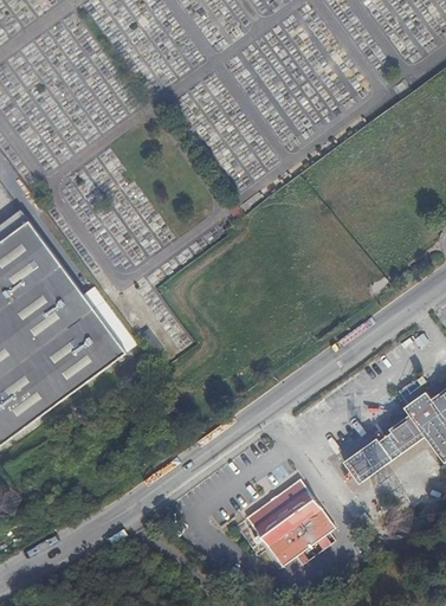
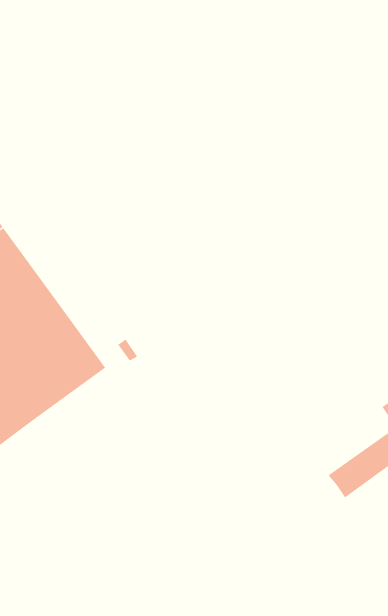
building: [245,479,332,566] -> none

